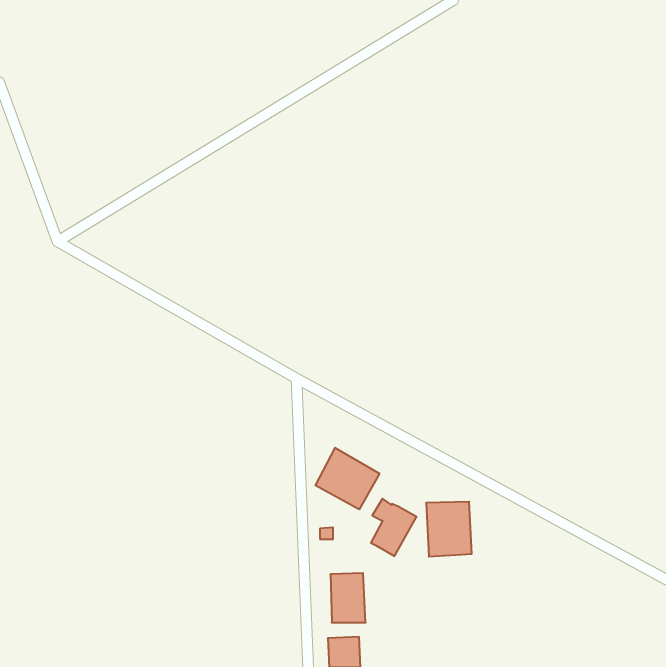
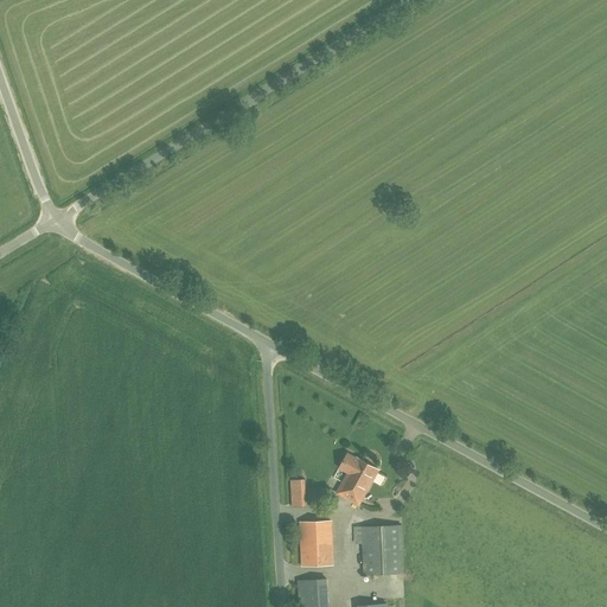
building: [315,448,379,509] -> none
building: [426,502,472,557] -> [362,525,403,575]

